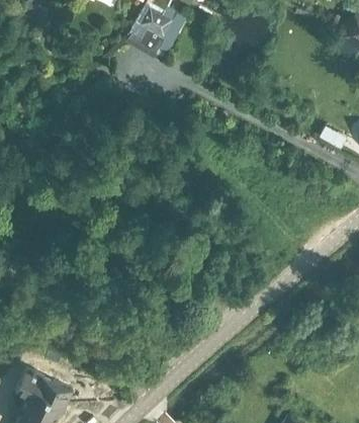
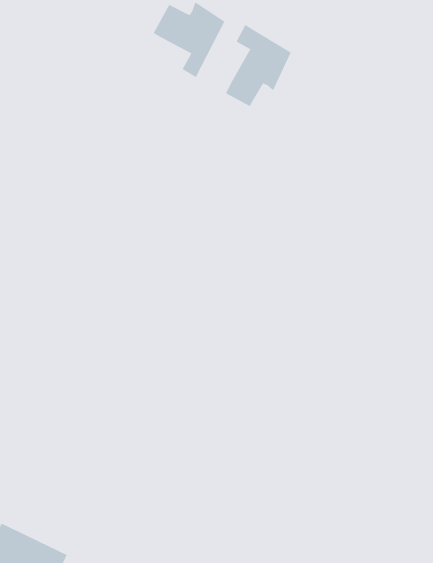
building: none -> [225,24,292,107]

